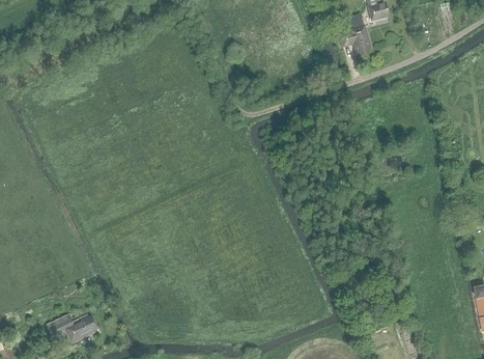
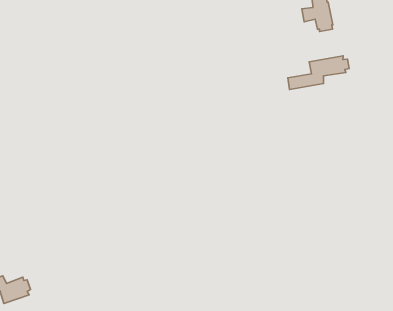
building: none -> [288,56,349,89]

